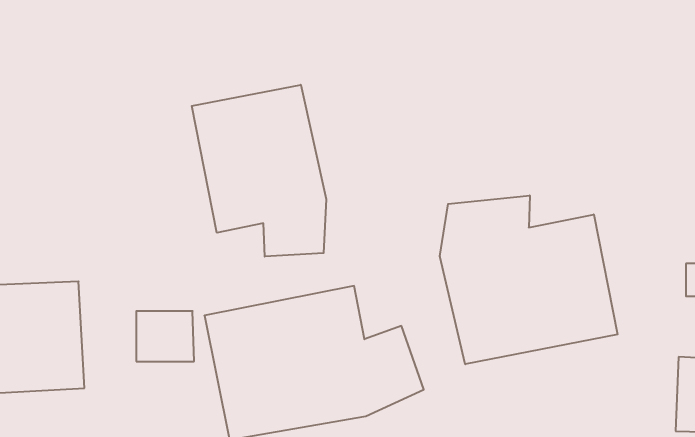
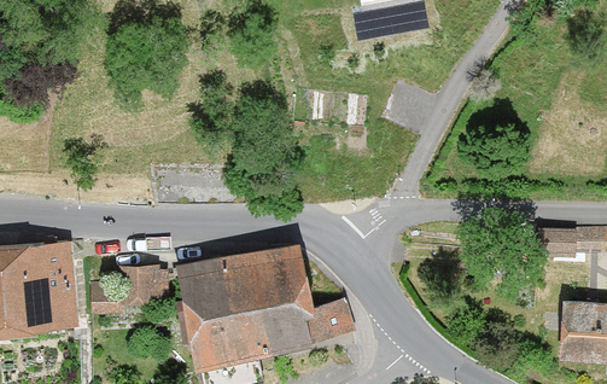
building: [192,85,326,257] -> none
building: [440,195,618,364] -> none

